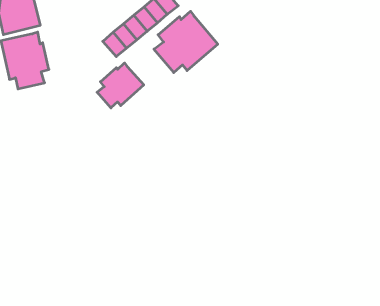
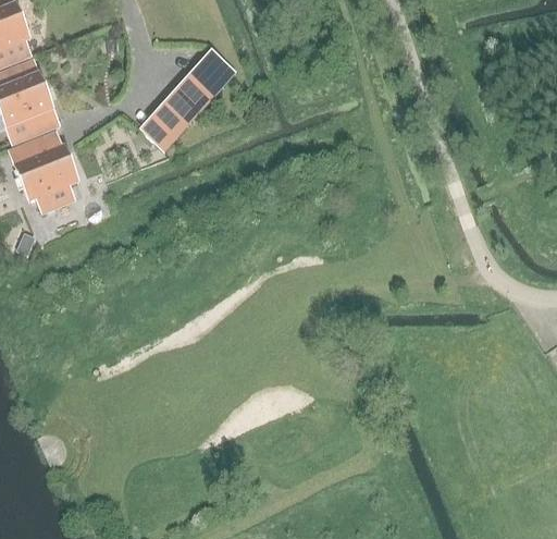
building: [154,11,218,73] -> none
building: [97,63,144,108] -> none

